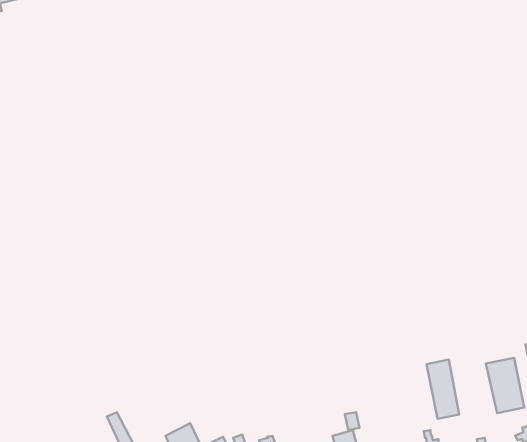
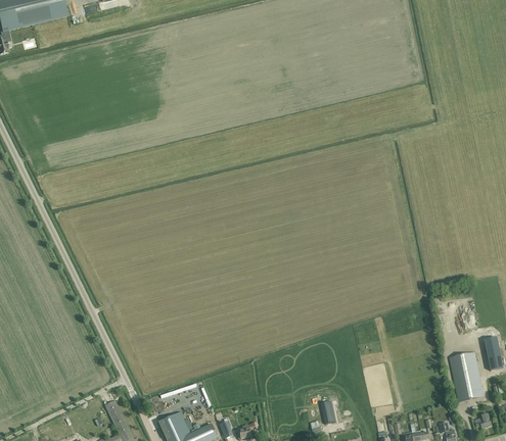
building: [426,359,459,419] -> none

